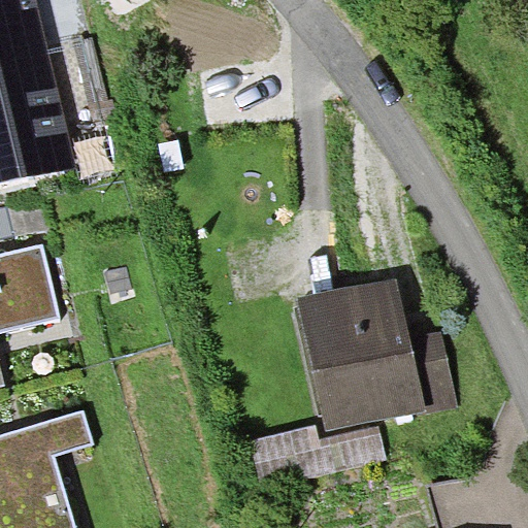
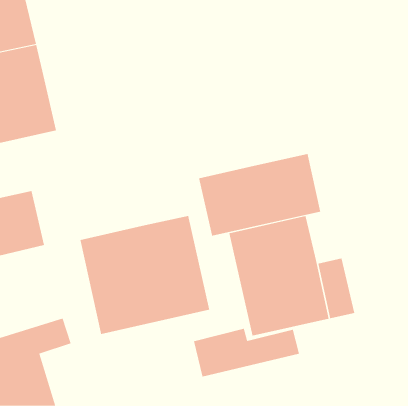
building: none -> [199,153,321,237]
building: none -> [80,215,210,335]

